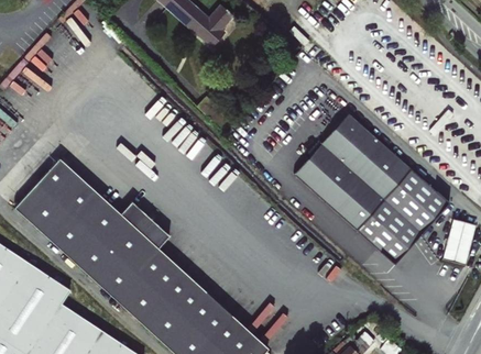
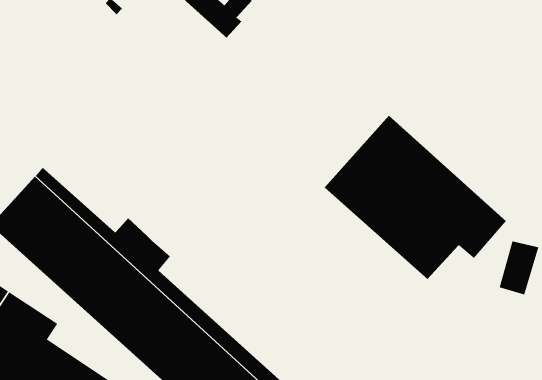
building: [382,223,422,264] -> none

